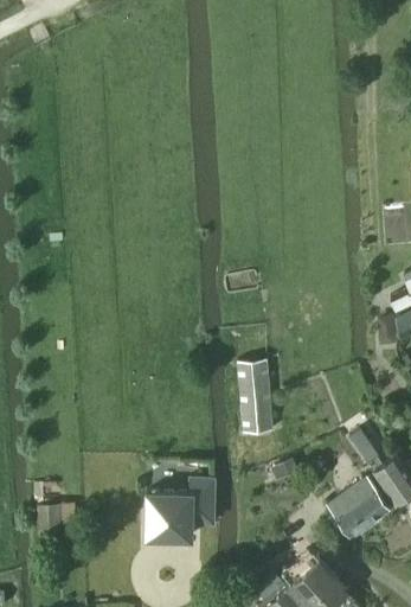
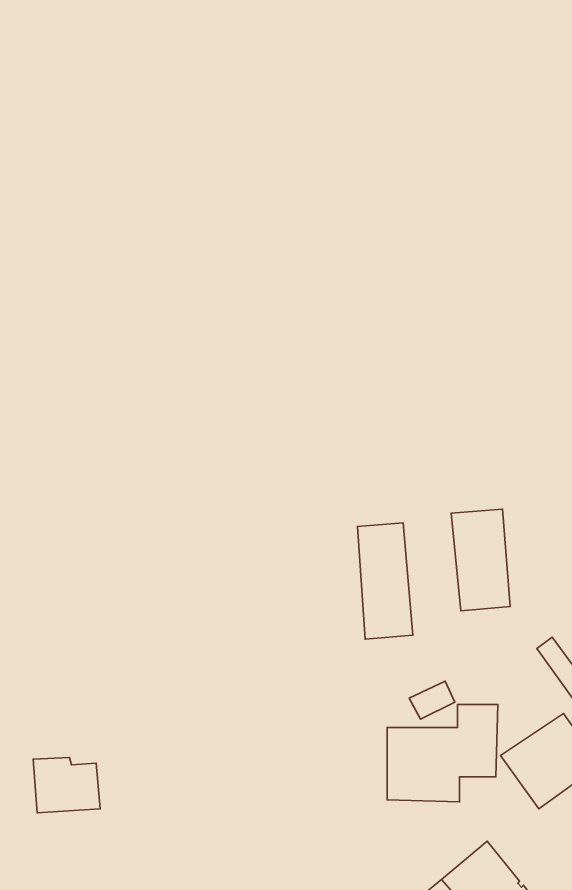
building: none -> [451,509,510,611]
building: [146,480,214,541] -> [387,704,498,802]

